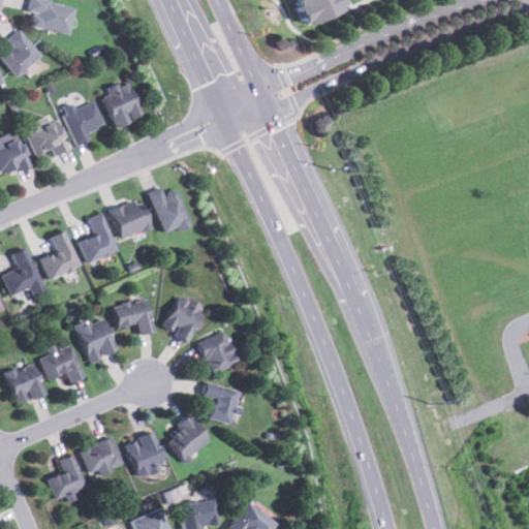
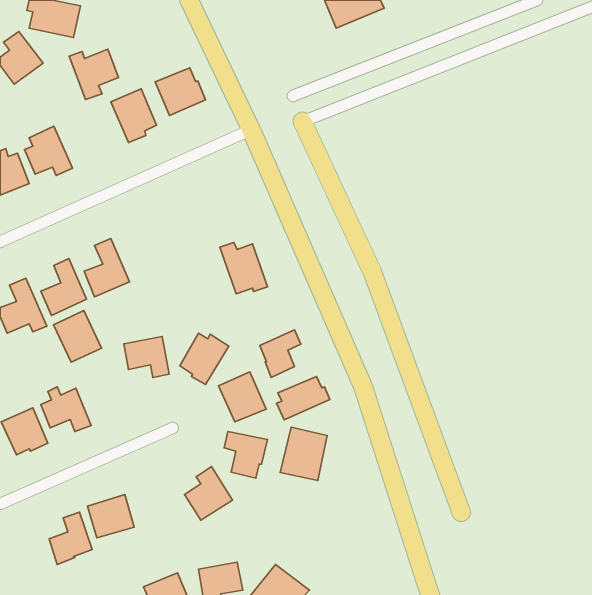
building: none -> [155,68,206,115]
building: [62,101,105,146] -> [69,49,118,100]
building: [149,188,191,234] -> [220,243,268,294]
building: [110,199,152,240] -> none
building: none -> [260,330,301,378]
building: [75,317,118,363] -> [54,311,101,362]
building: none -> [276,377,330,420]
building: none -> [280,427,327,481]
building: [126,431,165,478] -> none

